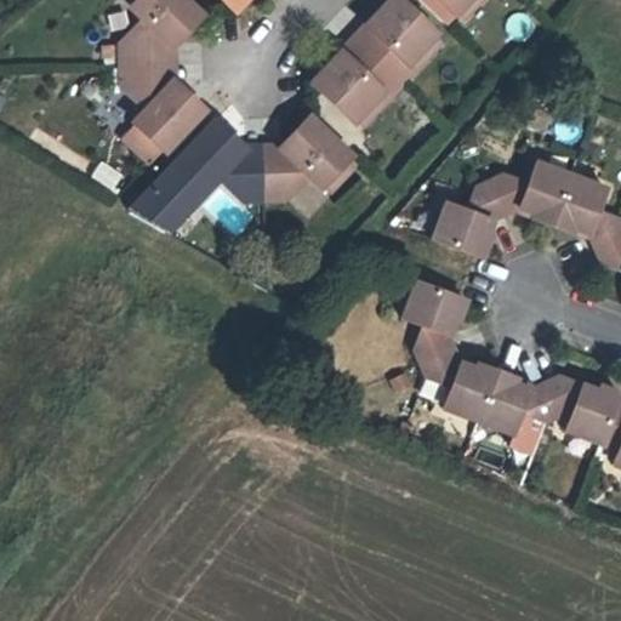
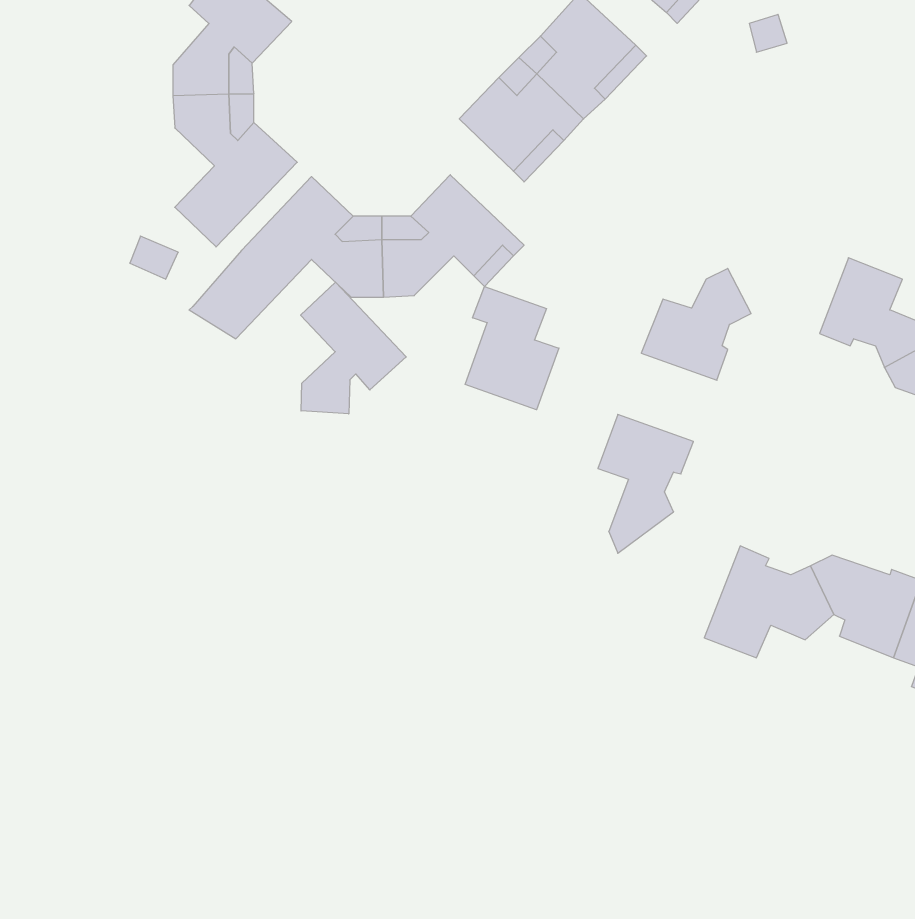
building: [494,161,575,224] -> none
building: none -> [301,282,406,414]
building: none -> [465,287,559,410]
building: [420,344,502,429] -> none

